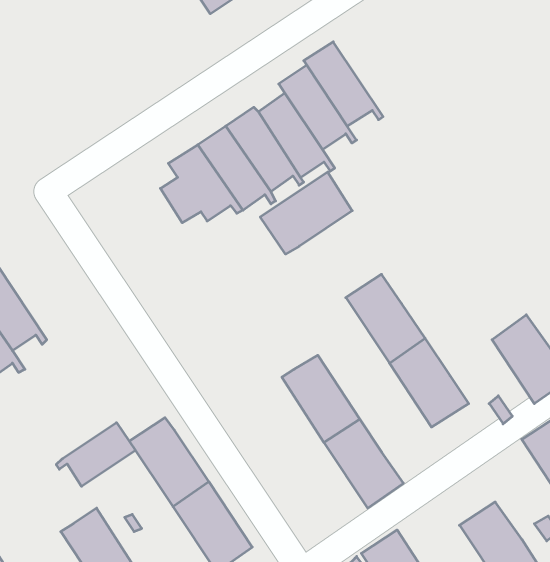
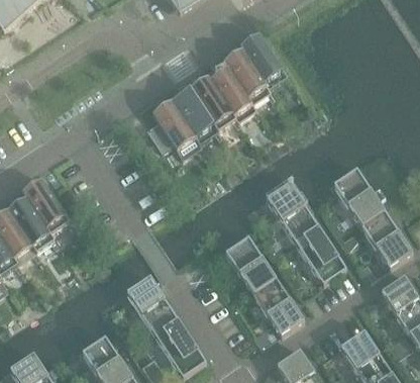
building: [260,172,352,254] -> none
building: none -> [333,168,384,225]
building: [56,423,135,486] -> none

